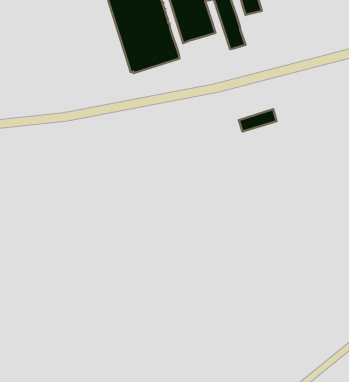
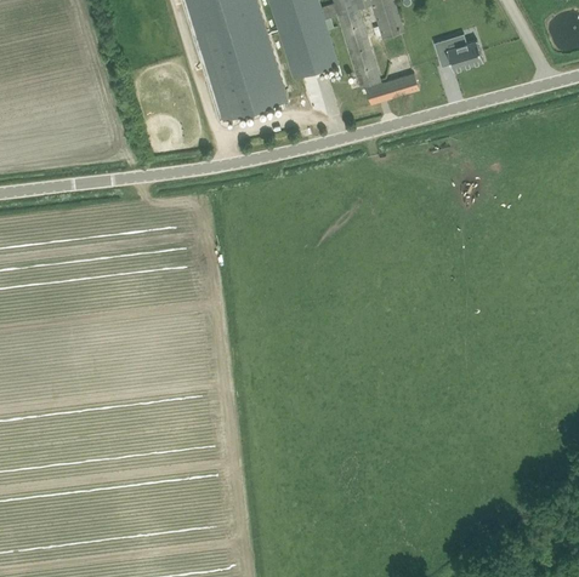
building: none -> [433,38,483,69]
building: [239,109,277,131] -> [365,70,419,102]

